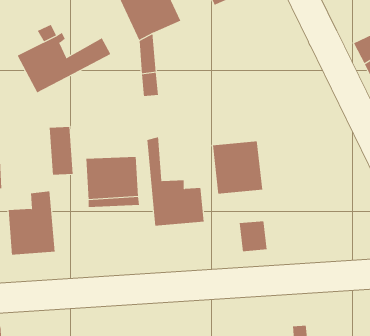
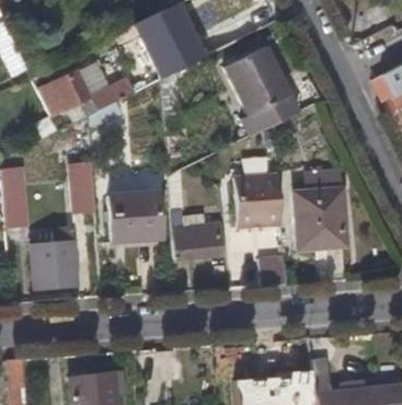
building: none -> [223,45,298,132]
building: none -> [292,184,347,250]

